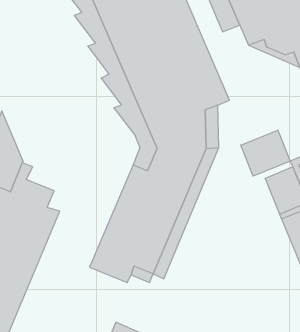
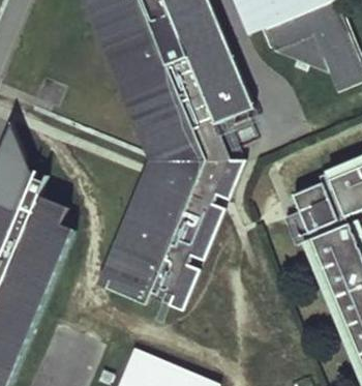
building: [241,130,290,176] -> none

